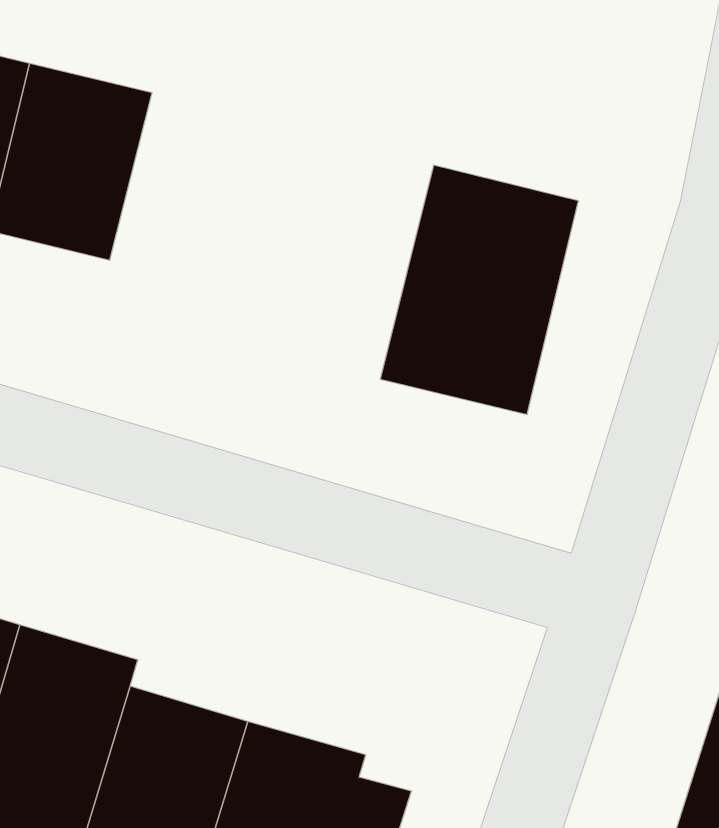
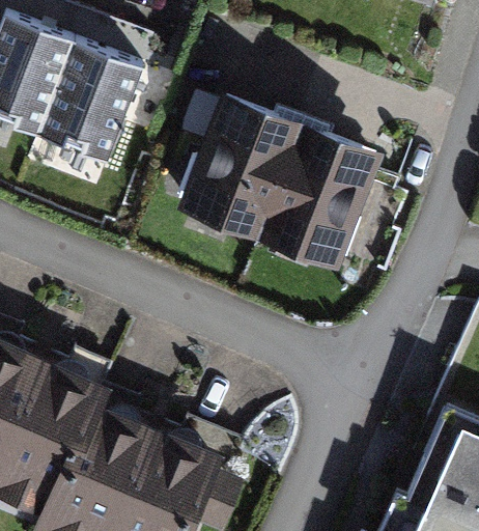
building: none -> [175,93,301,243]

